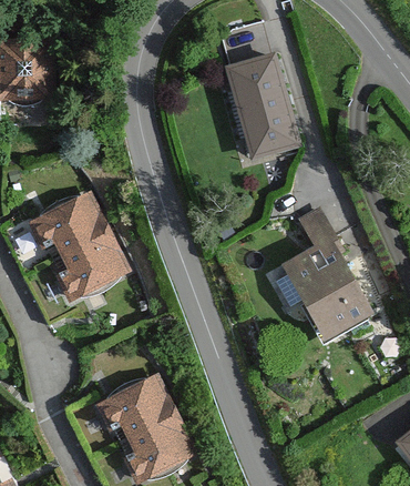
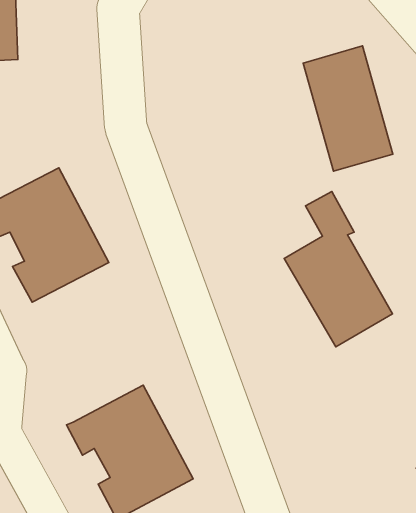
building: [223,54,298,160] -> [303,46,393,171]

